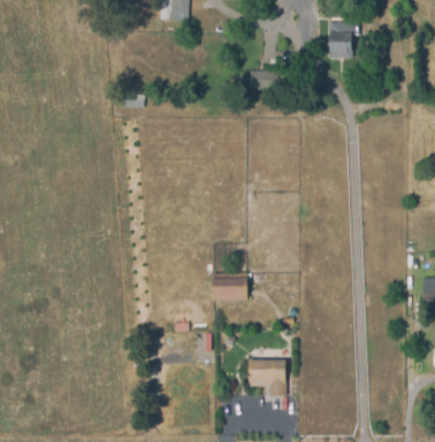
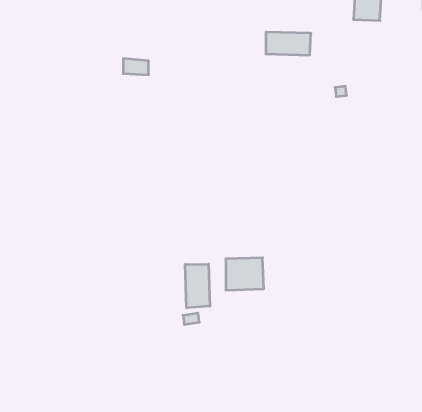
building: none -> [185,264,210,308]
building: [249,359,287,396] -> none

